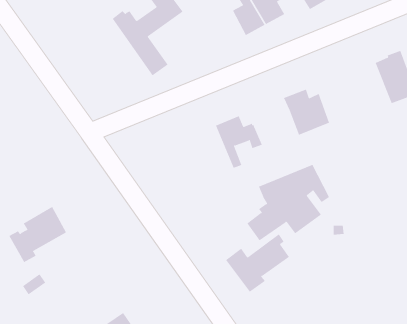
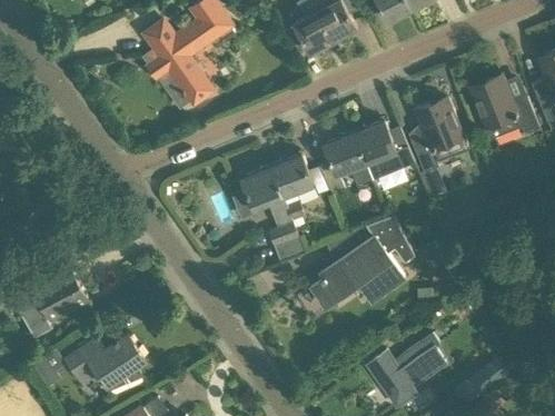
building: none -> [409,98,468,174]
building: none -> [319,132,375,197]
building: none -> [240,167,307,260]
building: [225,233,290,293] -> [366,333,446,406]
building: none -> [66,334,146,392]

